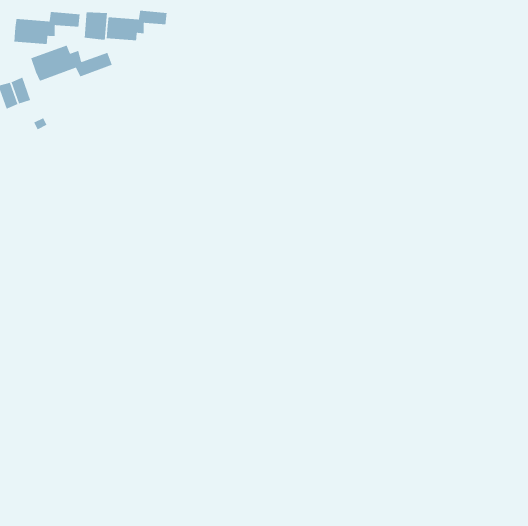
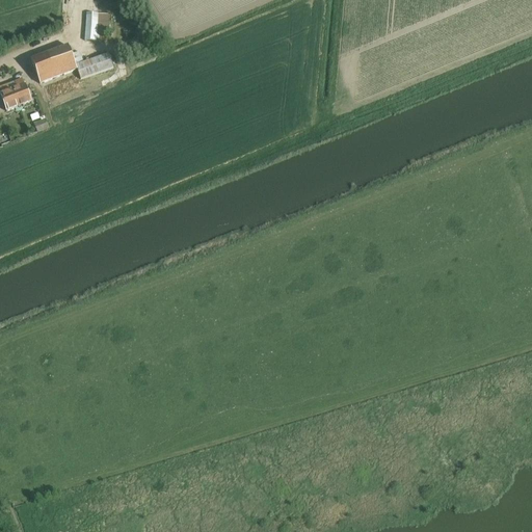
building: [106,10,167,41] -> none
building: [14,11,80,45] -> none

